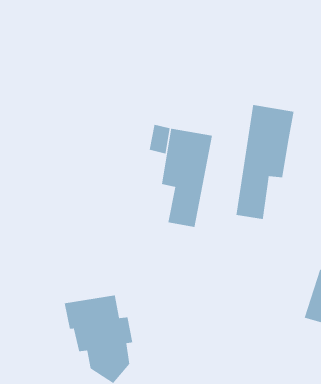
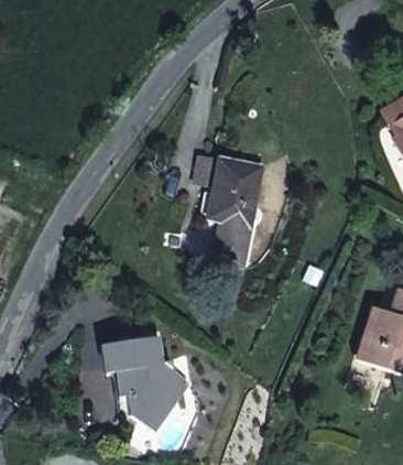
building: [236,104,294,220] -> none

